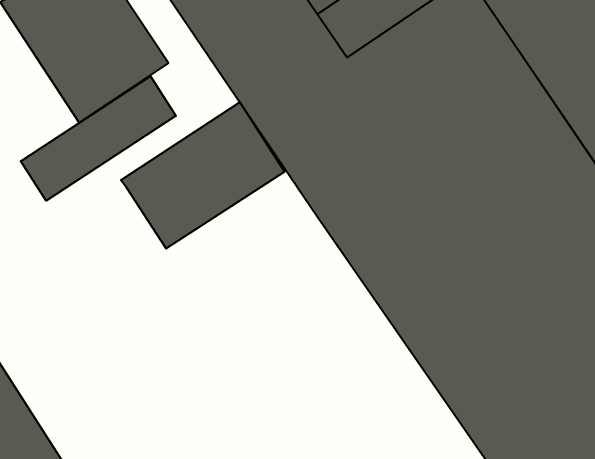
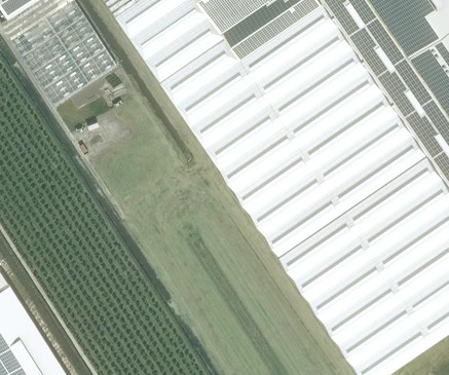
building: [21,76,176,201] -> none
building: [121,102,284,249] -> none

